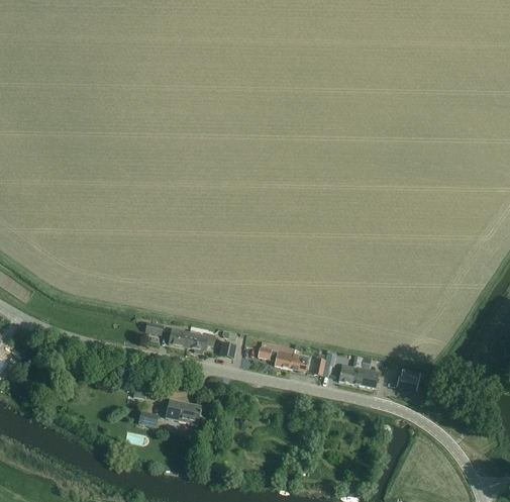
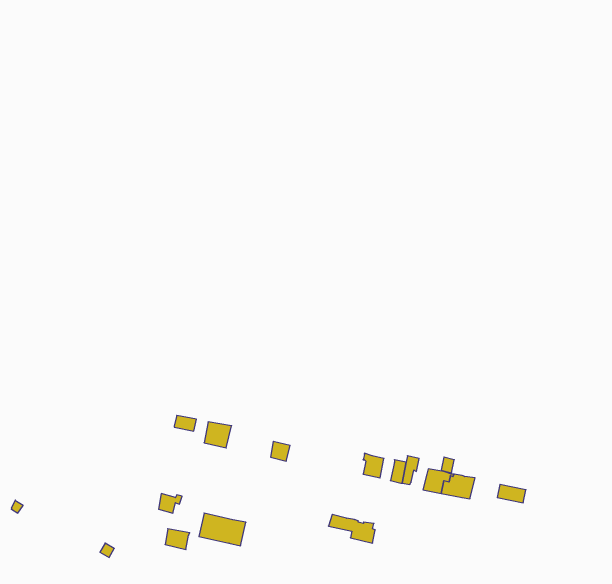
building: [186,328,215,354] -> none
building: [258,345,294,368] -> [328,514,375,543]

